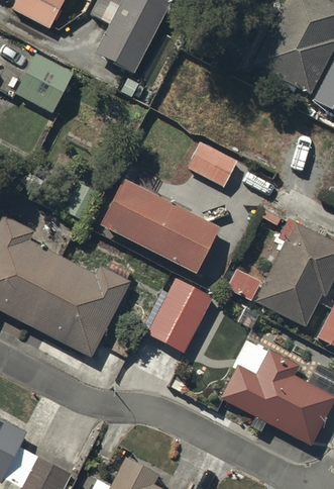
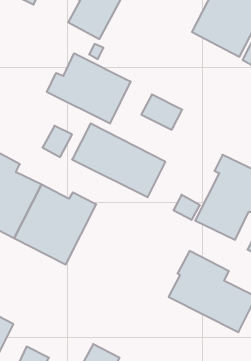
building: [17,54,74,111] -> none
building: none -> [47,53,131,124]
building: [147,280,212,353] -> none

